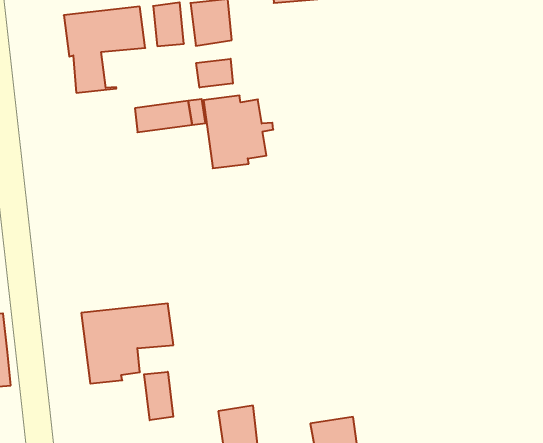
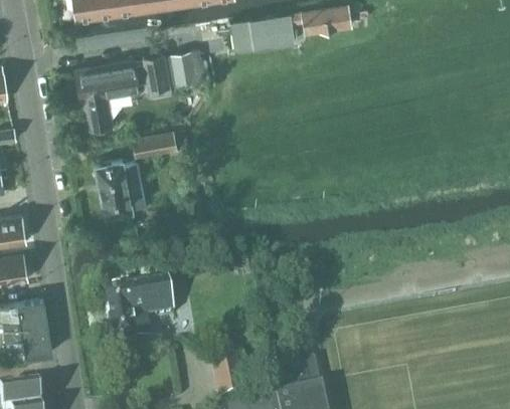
building: [196,59,233,88] -> none
building: [204,96,273,168] -> [97,158,151,214]
building: [144,372,173,420] -> none

